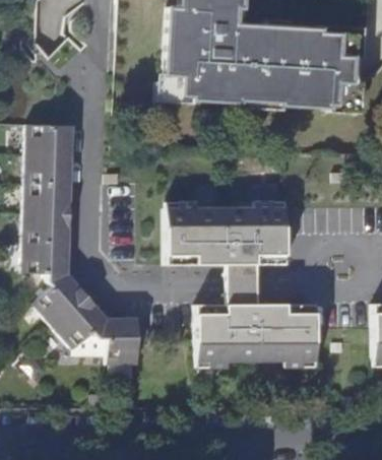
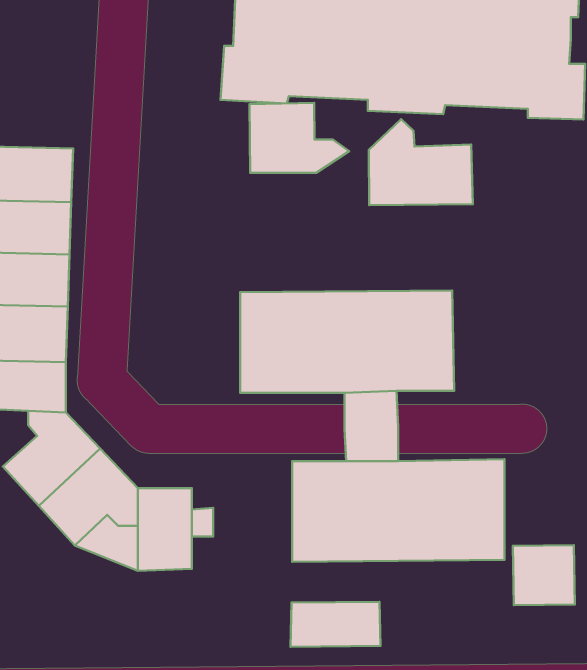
building: none -> [249,103,349,173]
building: none -> [369,119,473,205]
building: none -> [513,545,575,605]
building: none -> [290,602,380,647]

